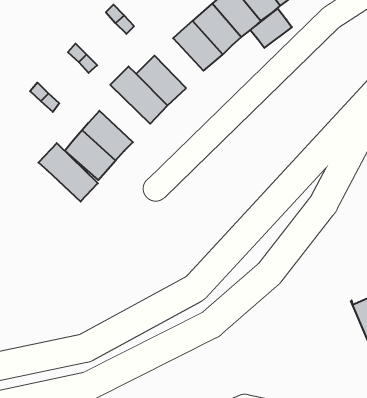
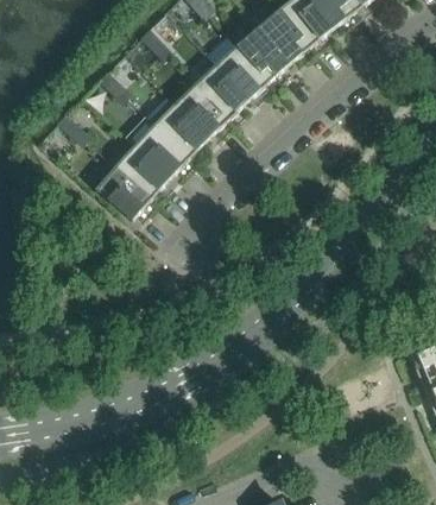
building: [250,8,292,48] -> none
building: none -> [195,64,248,119]
building: [38,143,98,202] -> [125,114,190,178]

